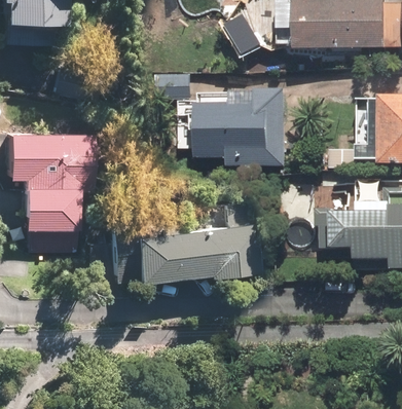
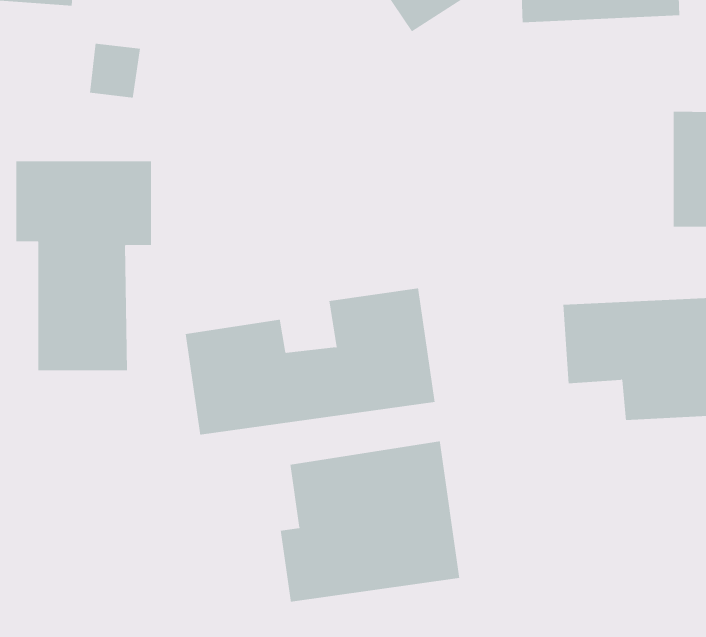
building: [195,97,294,162] -> none
building: none -> [280,440,460,603]

